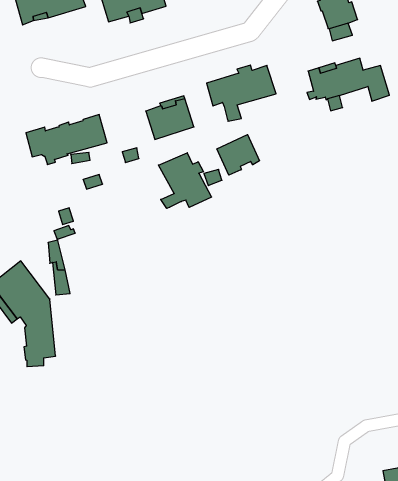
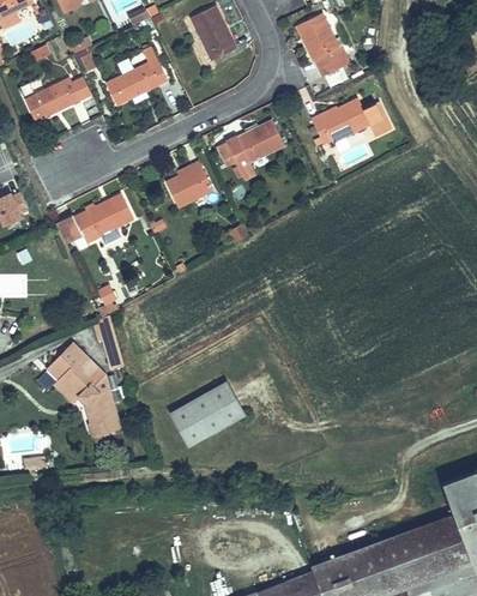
building: [217,135,260,175] -> none
building: [158,153,212,208] -> none
building: none -> [169,381,244,446]

